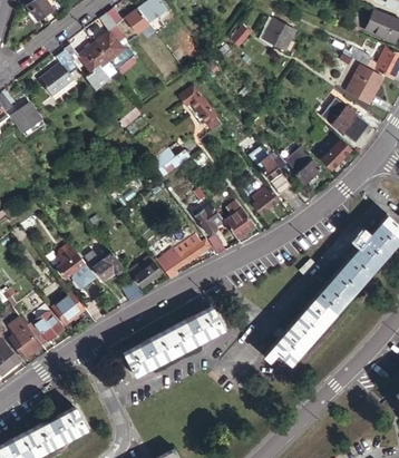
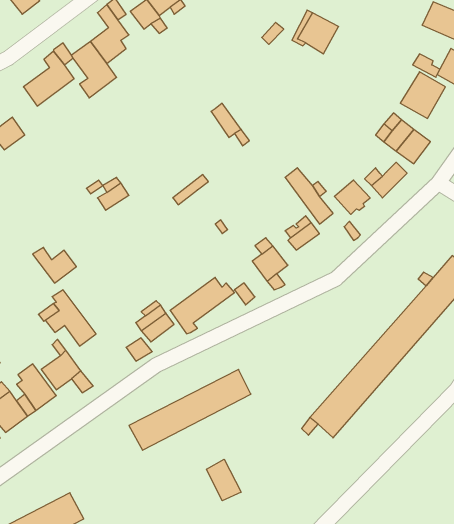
building: [194,204,224,233] -> none
building: [84,251,119,280] -> [33,247,76,283]
building: none -> [207,459,241,501]

